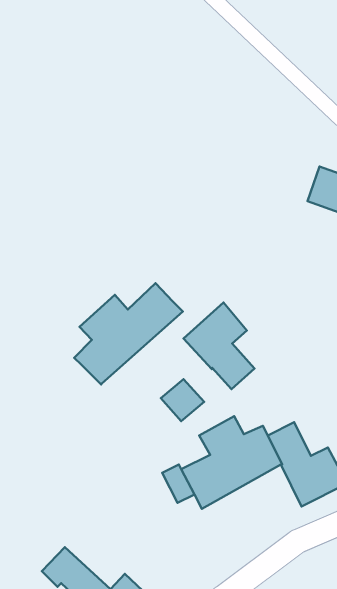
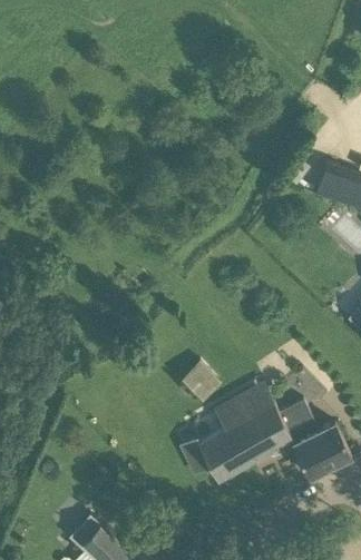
building: [74,283,183,385] -> none
building: [184,303,255,389] -> none

